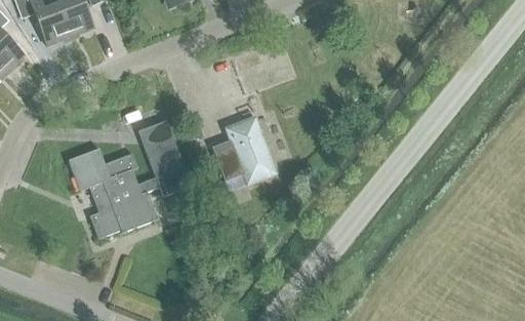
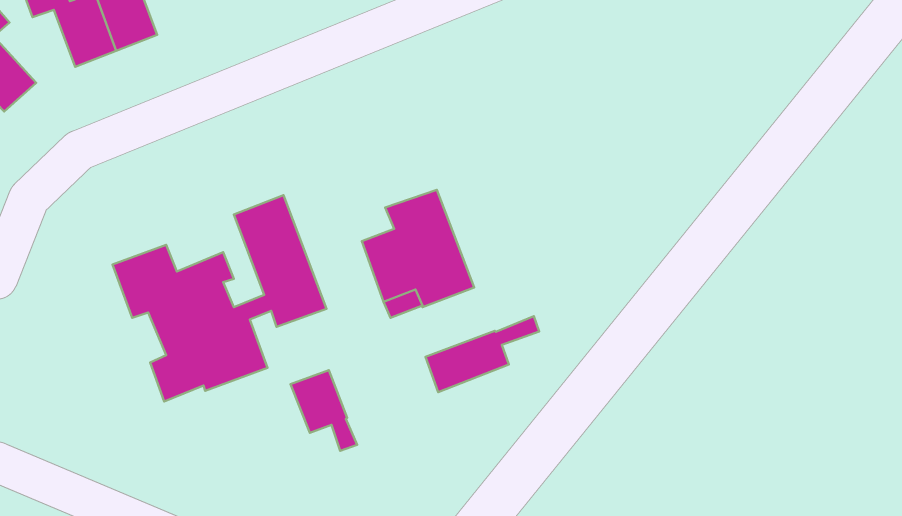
building: none -> [426,316,539,392]
building: none -> [291,370,357,451]

